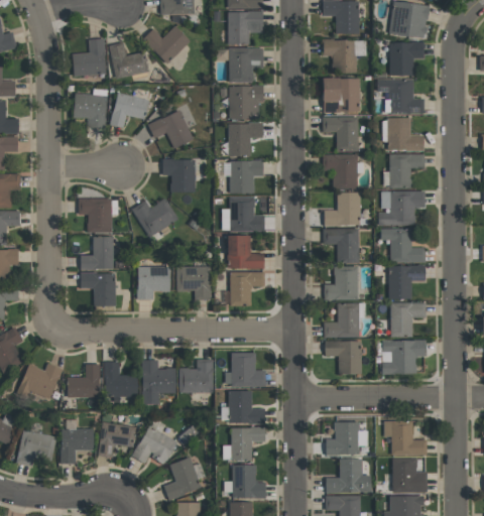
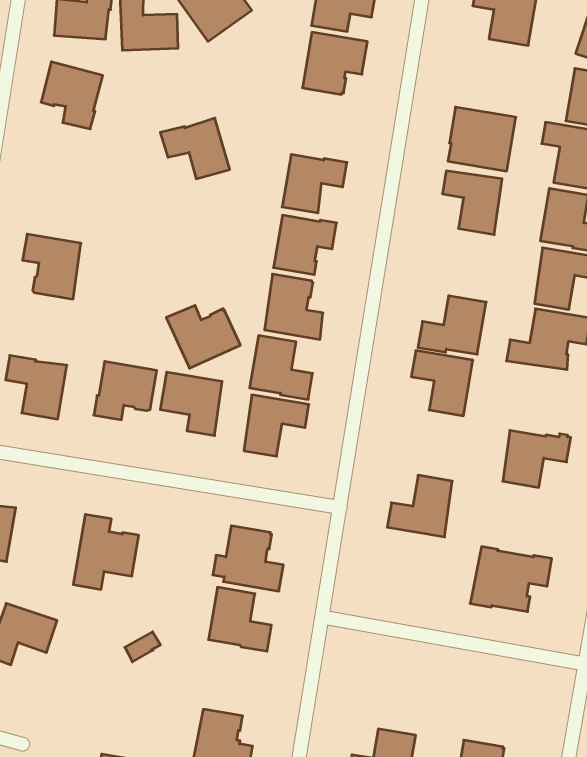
building: [322,39,356,73] -> none
building: [229,86,263,119] -> none
building: [109,93,148,128] -> none
building: [323,154,357,189] -> none
building: [162,159,195,192] -> none
building: [130,199,177,238] -> [166,305,240,368]
building: [380,229,425,263] -> none
building: [80,237,113,270] -> none
building: [324,266,357,300] -> none
building: [390,303,426,338] -> none
building: [324,341,361,374] -> none
building: [178,360,213,393] -> none
building: [103,362,136,397] -> none
building: [383,421,426,456] -> none
building: [326,422,359,456] -> none
building: [131,425,177,465] -> none
building: [230,427,264,461] -> none
building: [163,457,202,501] -> none

